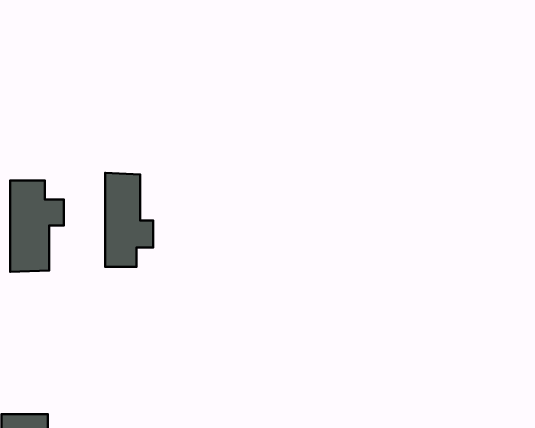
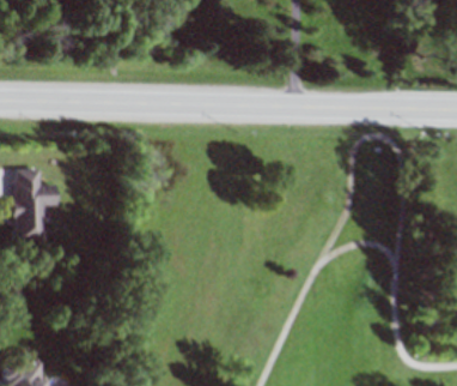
building: [105,173,153,267] -> none

